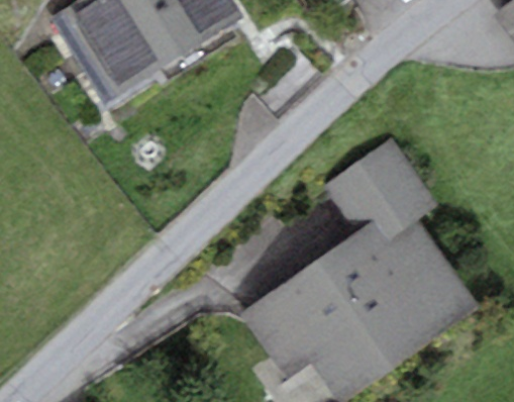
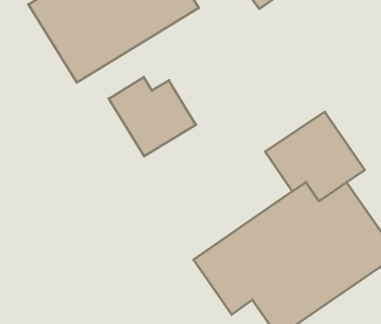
building: none -> [109,77,196,156]

